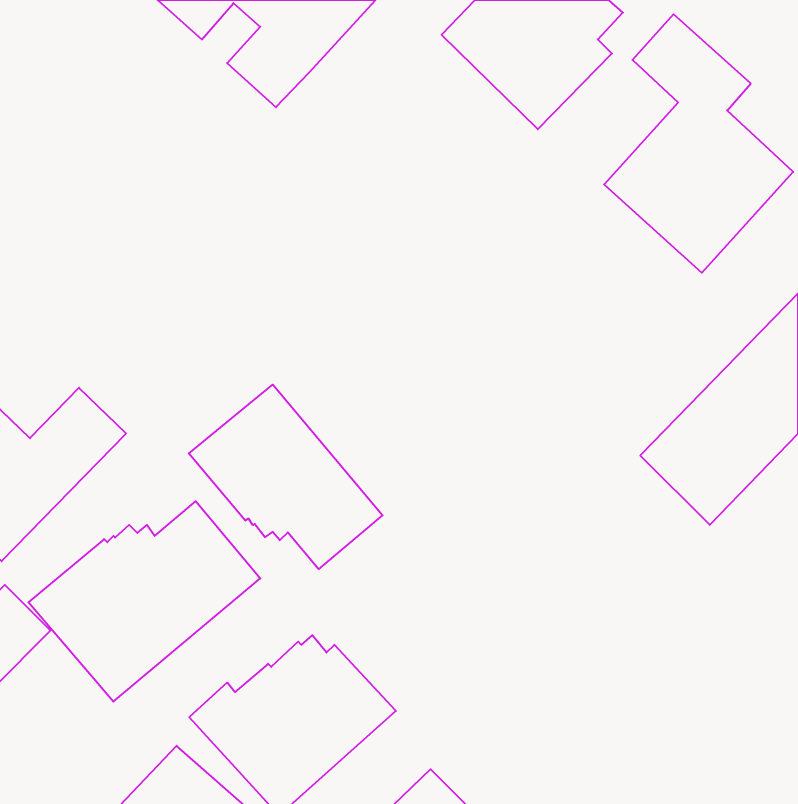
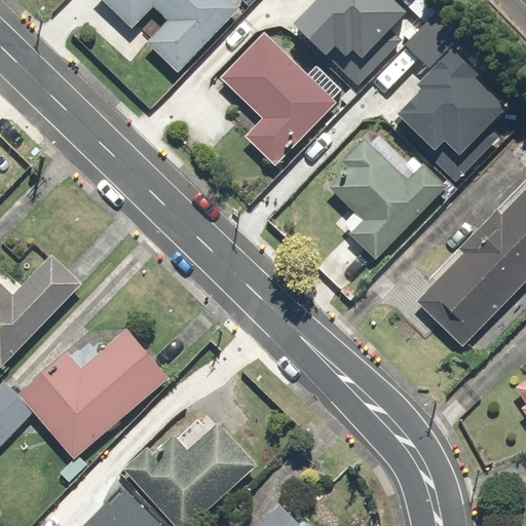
building: none -> [220,33,333,167]
building: none -> [326,142,447,259]
building: [189,385,383,569] -> none

